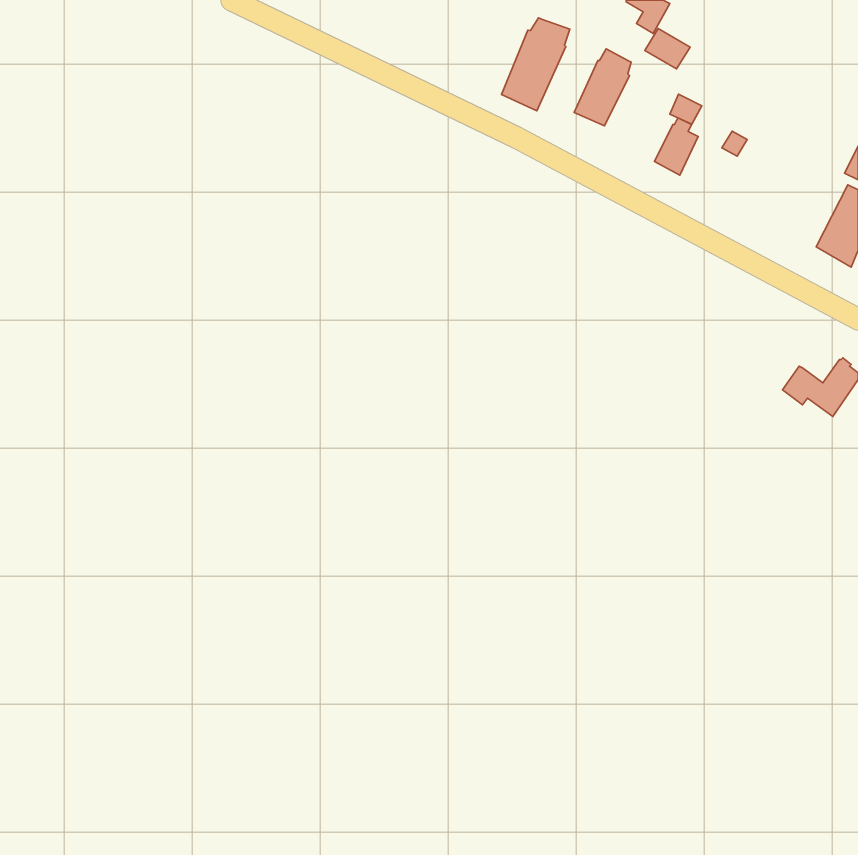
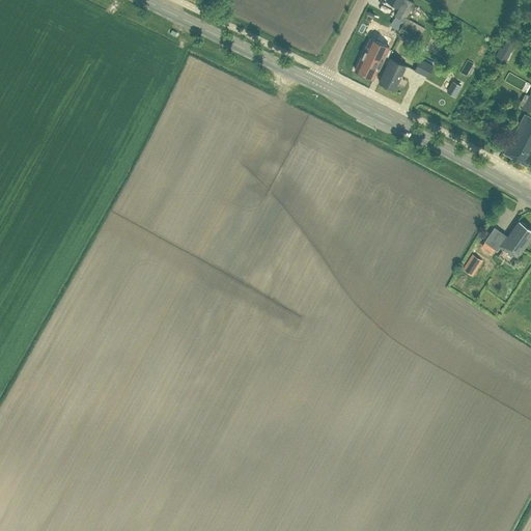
building: [502,18,570,111] -> none
building: [654,118,698,175] -> [379,56,406,91]

